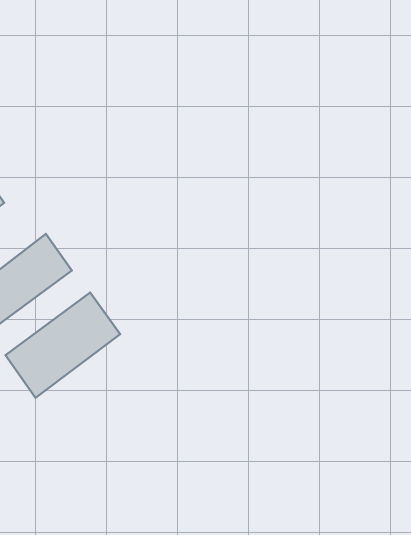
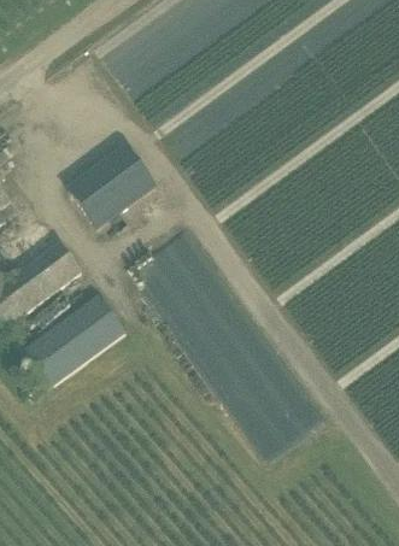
building: none -> [70,146,157,228]

